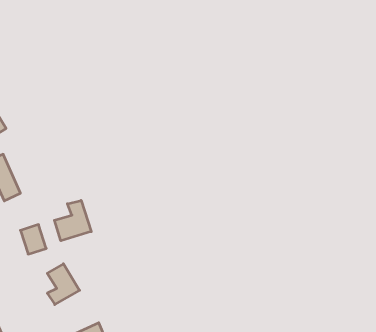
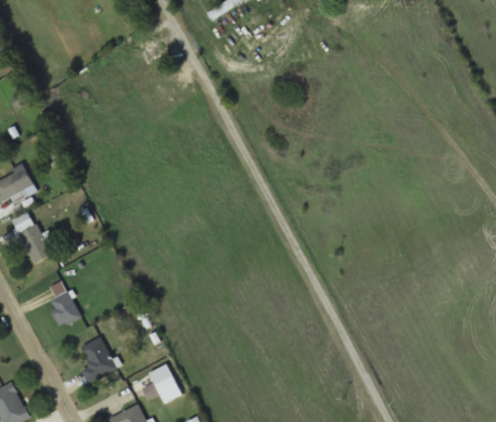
building: [54,200,91,241] -> none
building: none -> [153,374,183,405]

